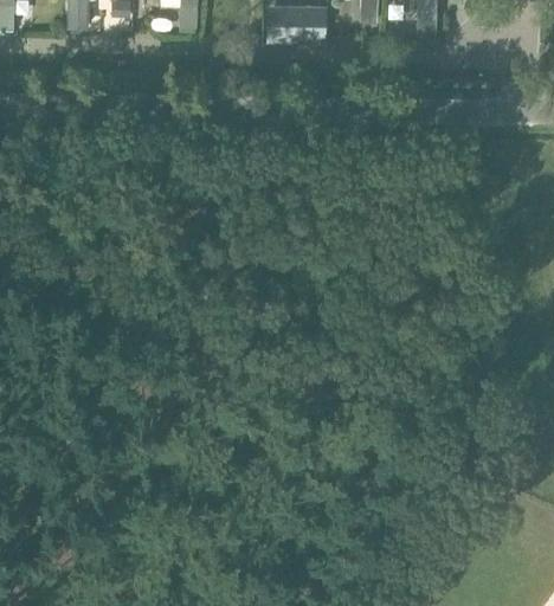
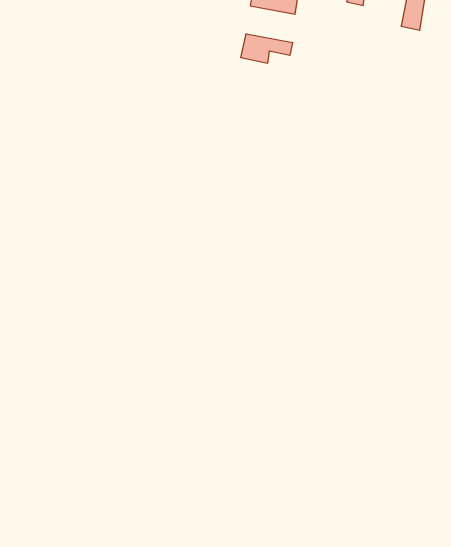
building: none -> [241,34,293,63]

